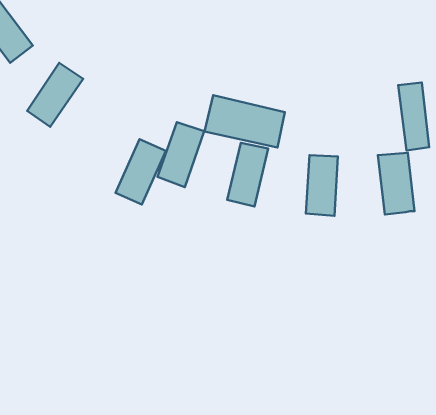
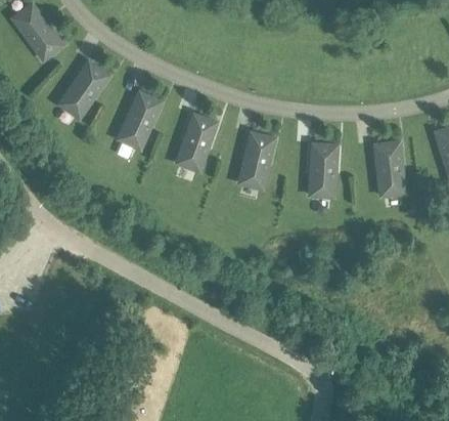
building: [398,82,429,151] -> none
building: [205,95,285,147] -> none
building: [116,139,166,204] -> [118,90,163,149]

